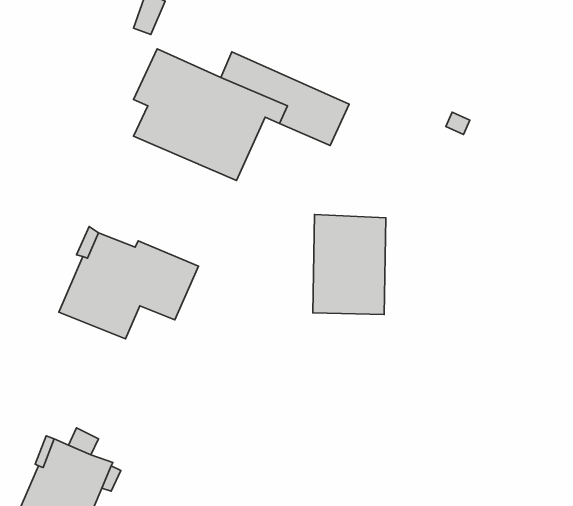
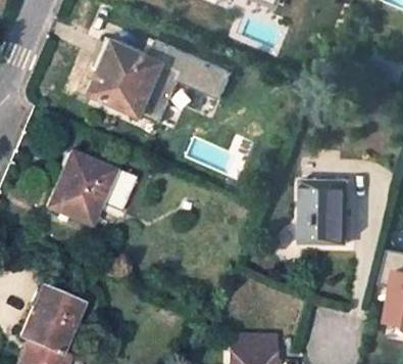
building: [313,215,386,314] -> [299,179,346,243]

